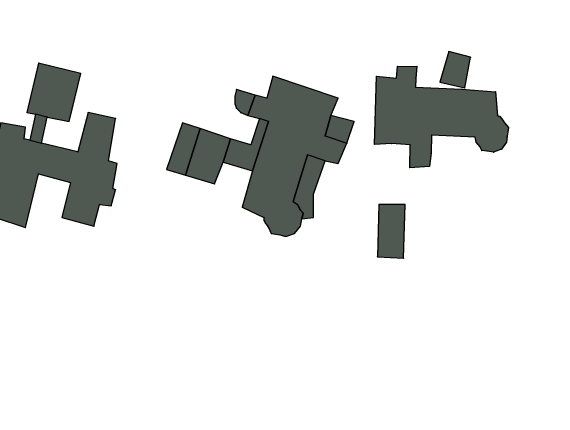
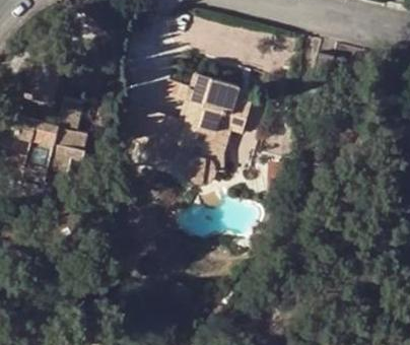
building: [375,66,509,168] -> none

